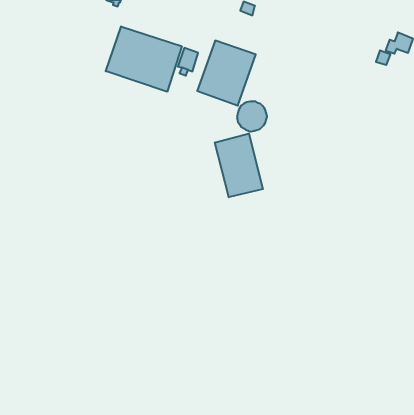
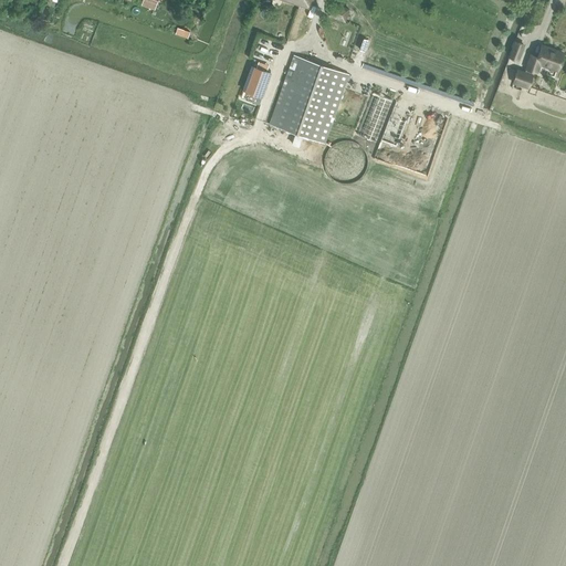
building: [106,26,182,92] -> none
building: [215,133,263,197] -> none

